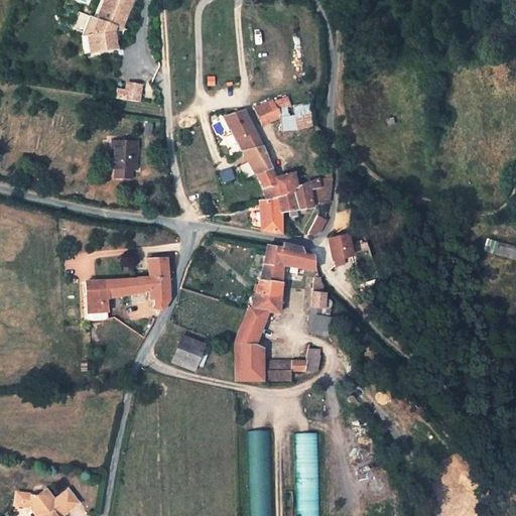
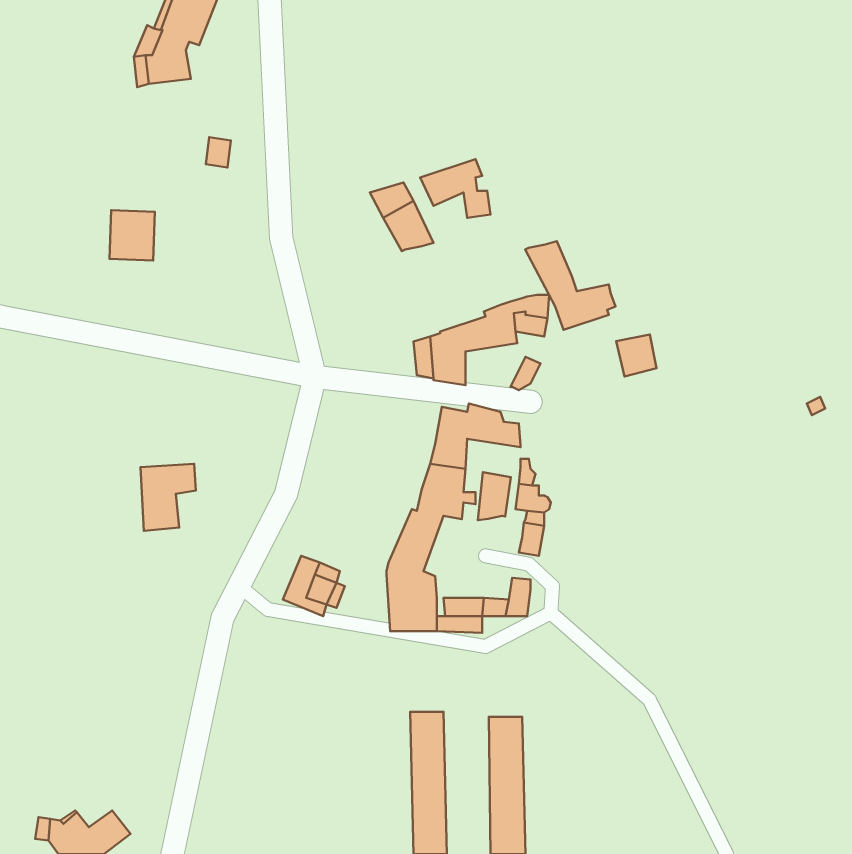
building: [112,139,139,169] -> [110,210,155,260]
building: [244,146,298,200] -> [525,241,615,330]
building: [330,234,354,259] -> [616,335,656,376]
building: [119,257,170,308] -> none
building: none -> [478,472,511,520]

